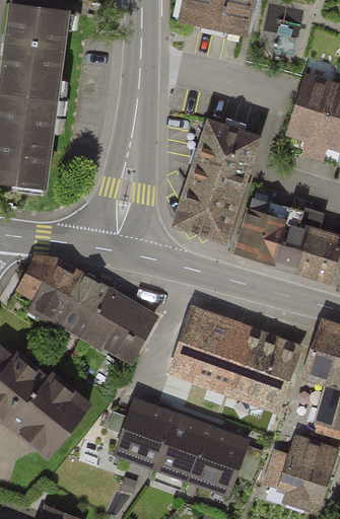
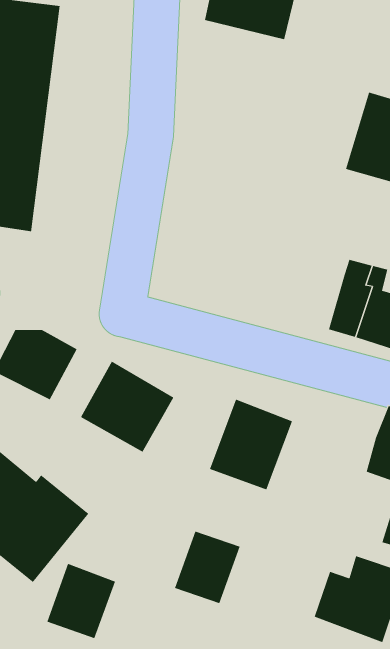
building: [178,121,256,237] -> none
building: [239,198,287,262] -> none
building: [59,273,107,329] -> none
building: [225,332,297,406] -> none
building: [118,403,172,462] -> [47,563,116,639]
building: [191,430,245,489] -> none

